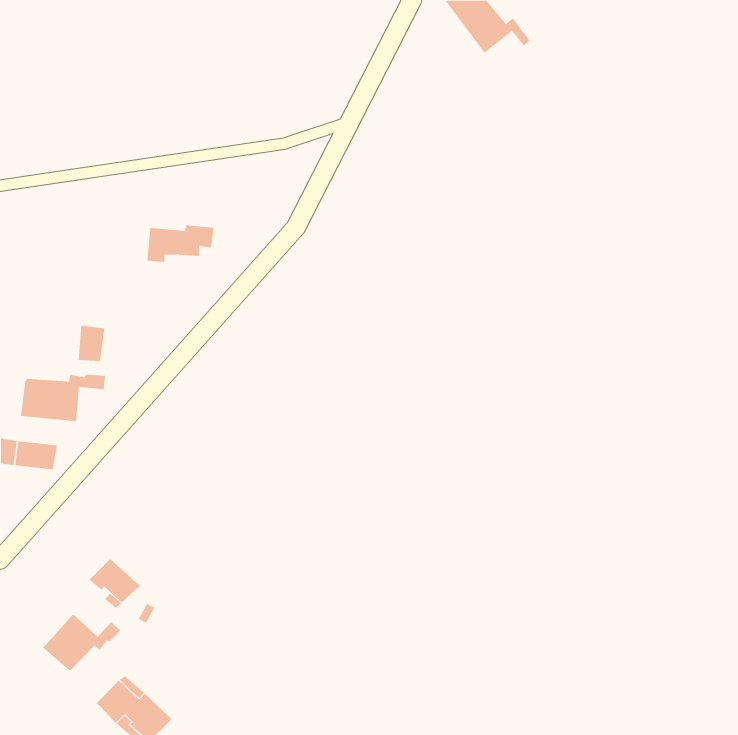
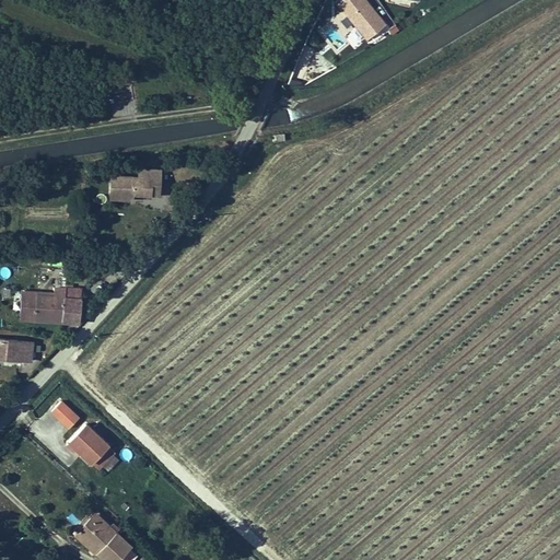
building: [78,325,105,362] -> [60,296,81,324]
building: none -> [50,401,82,432]
building: [42,613,121,671] -> none

